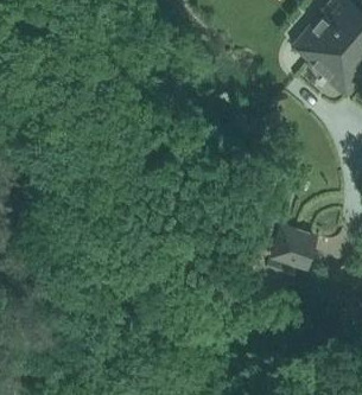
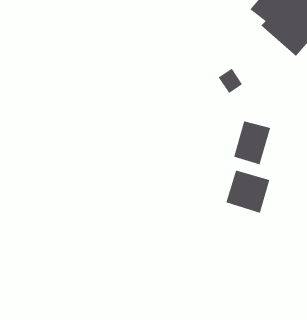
building: none -> [233,120,271,165]

